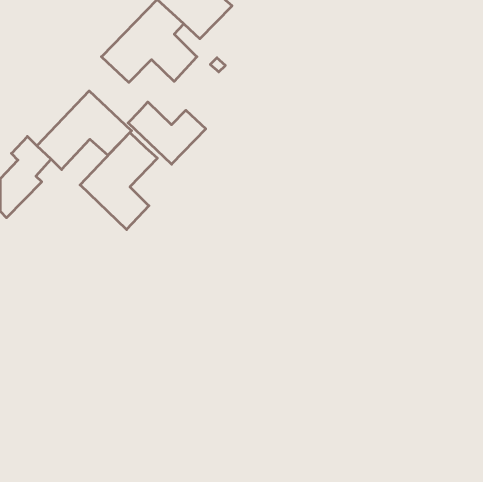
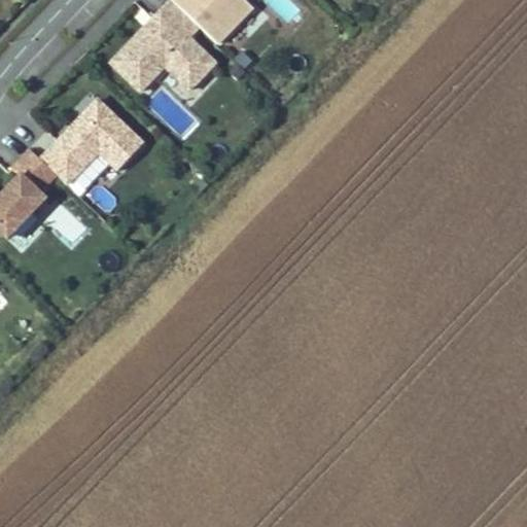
building: [128,102,206,164] -> none
building: [80,132,157,230] -> none

